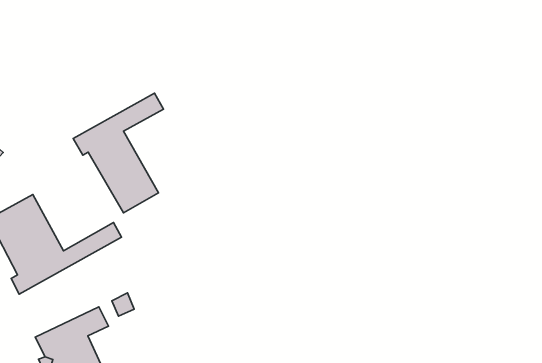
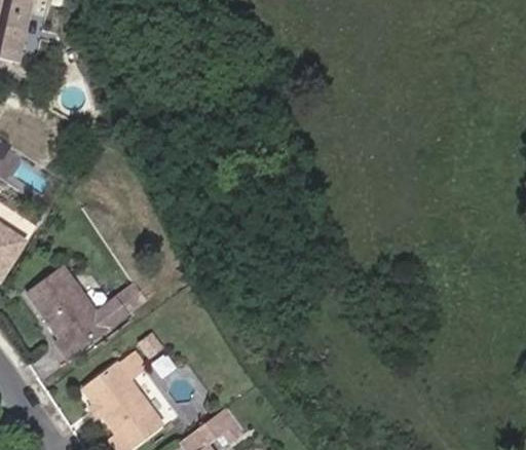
building: [73,93,163,213] -> none

